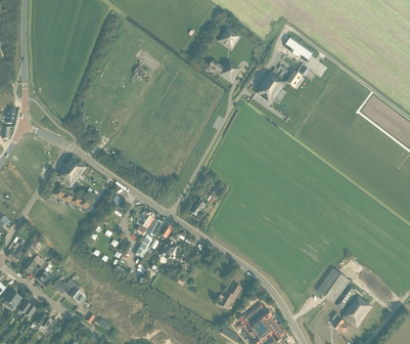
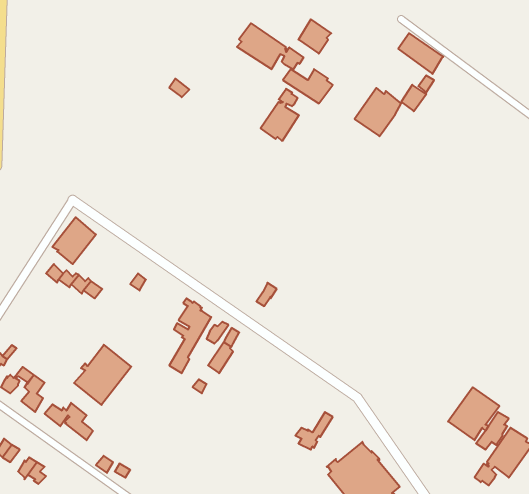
building: none -> [237,23,303,69]
building: none -> [261,89,299,141]
building: none -> [74,345,131,405]

